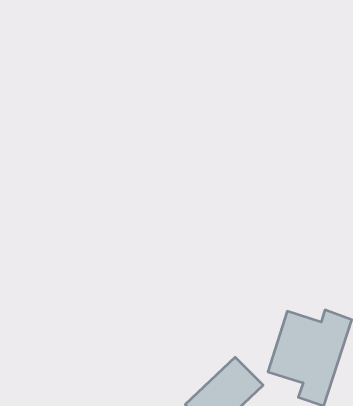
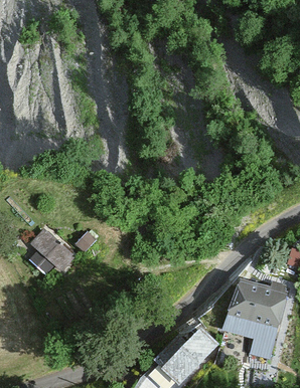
building: none -> [28,227,78,274]

